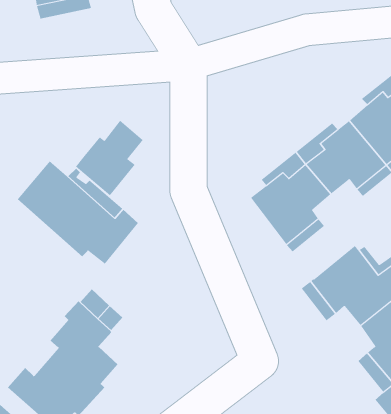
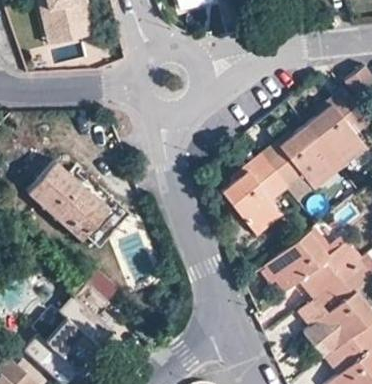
building: [75,120,144,196] -> none

